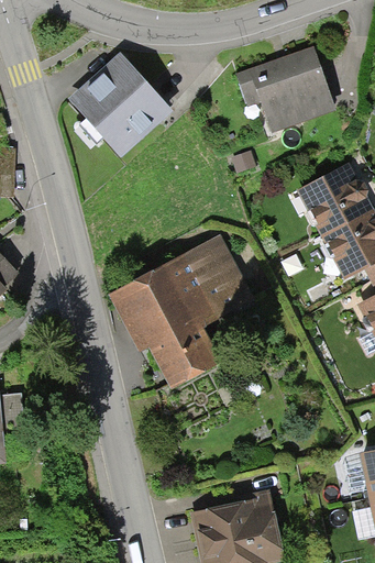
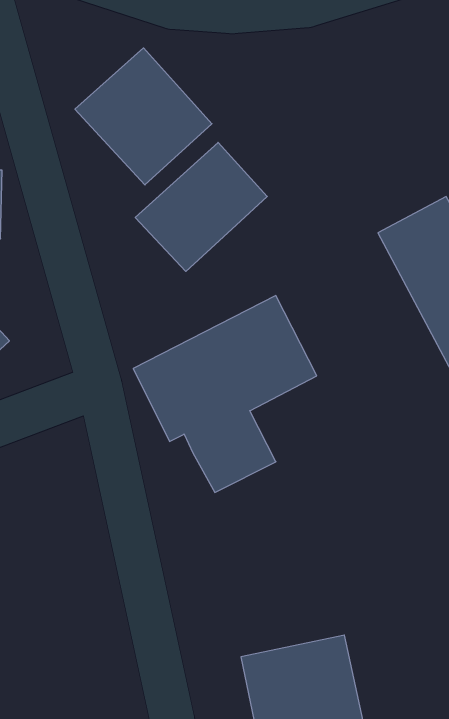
building: [236,46,333,131] -> none
building: none -> [135,142,267,271]

